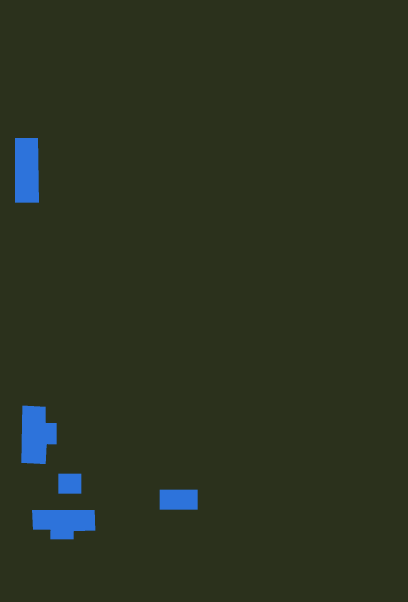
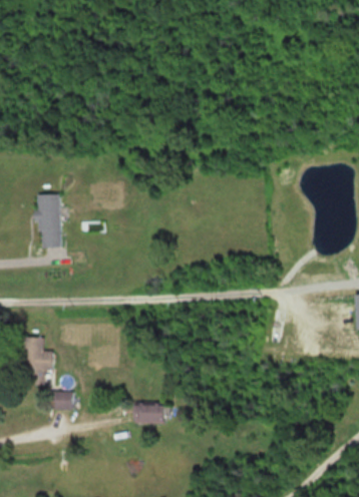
building: [14,138,40,203] -> [39,194,60,247]
building: [32,509,96,540] -> none

